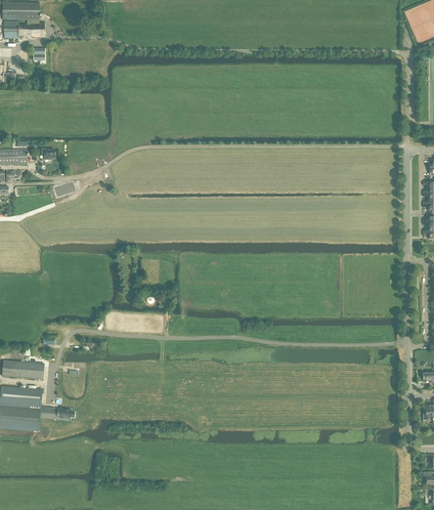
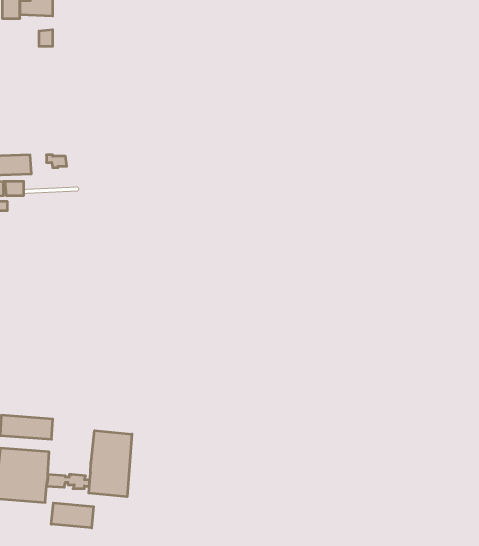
building: none -> [89,431,132,497]
building: none -> [51,503,94,528]

